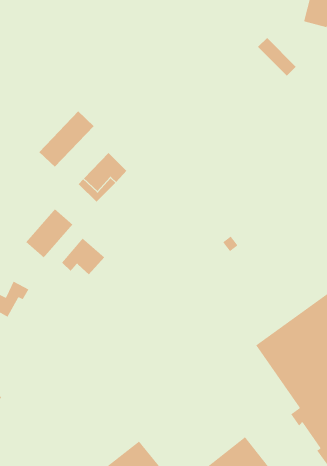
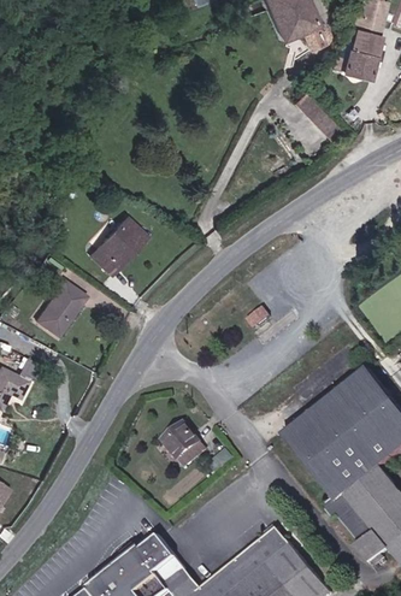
building: [39,111,95,168] -> none
building: [61,237,105,275] -> none
building: none -> [163,423,207,467]

